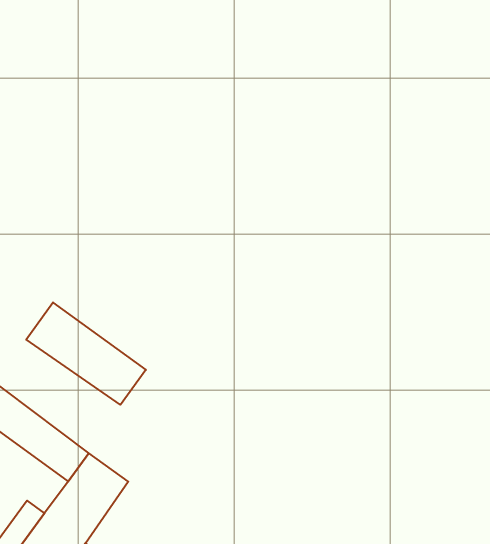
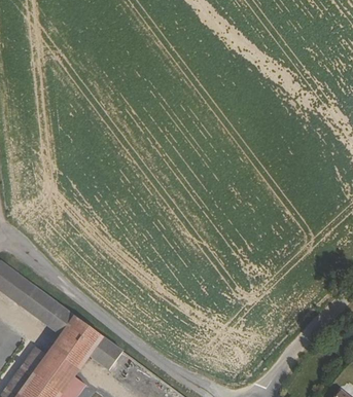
building: [26,302,146,405] -> none
building: none -> [91,337,125,371]

